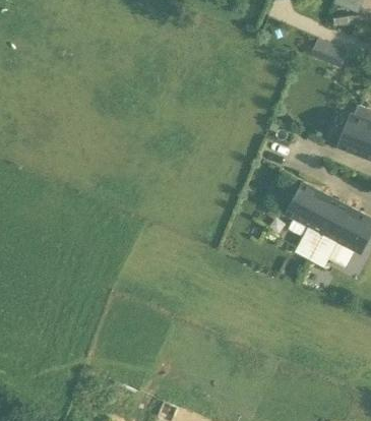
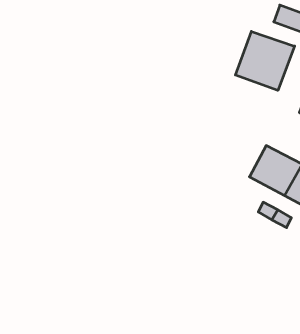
building: none -> [235,31,295,90]

